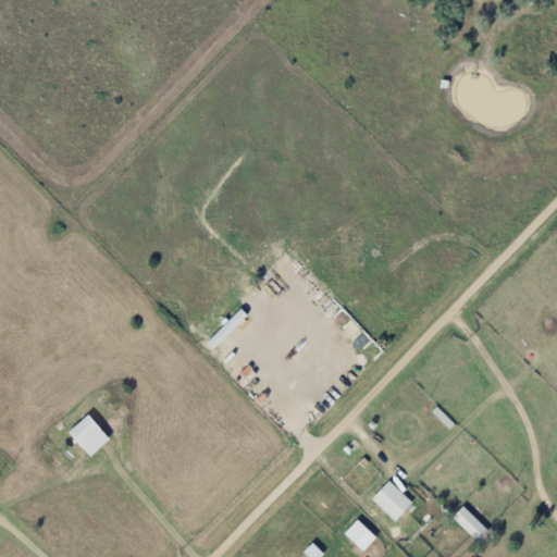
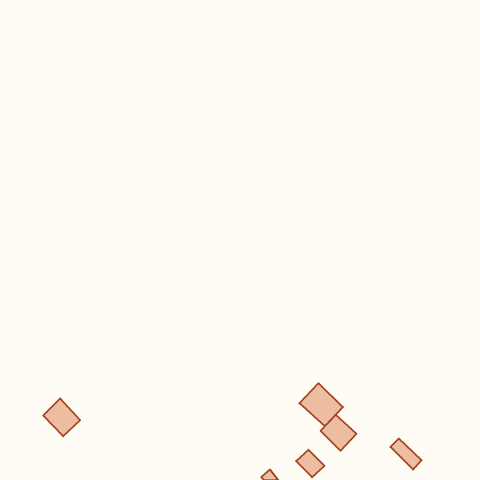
building: [67,412,110,456] -> [43,398,80,436]
building: none -> [299,383,343,426]

